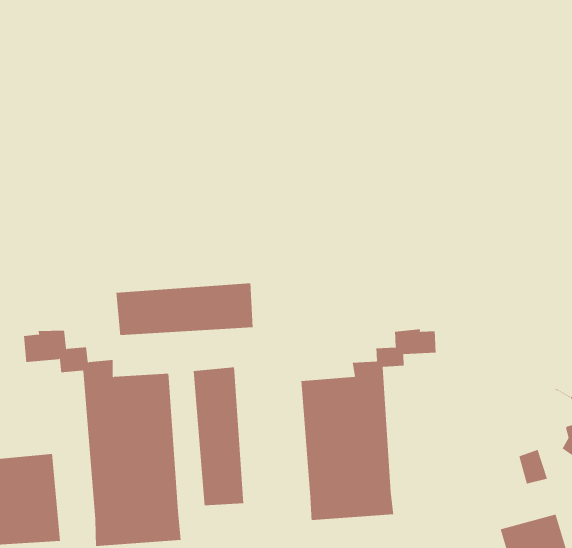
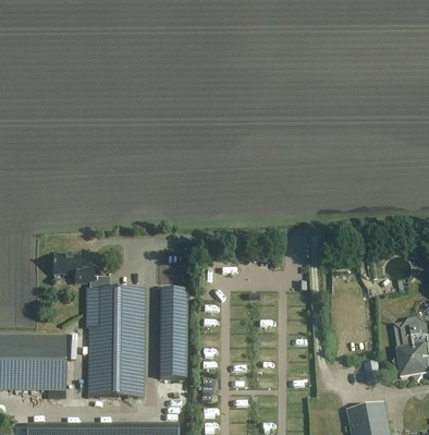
building: [116,282,253,336] -> none
building: [301,328,436,521] -> none

